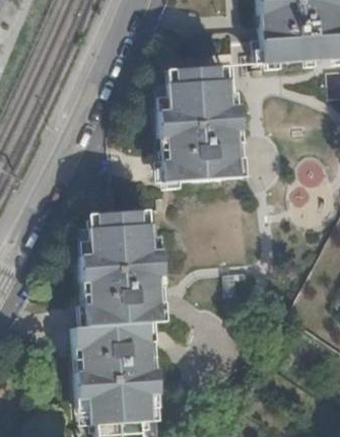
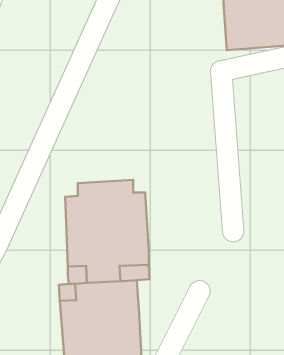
building: [153,64,251,191] -> none

